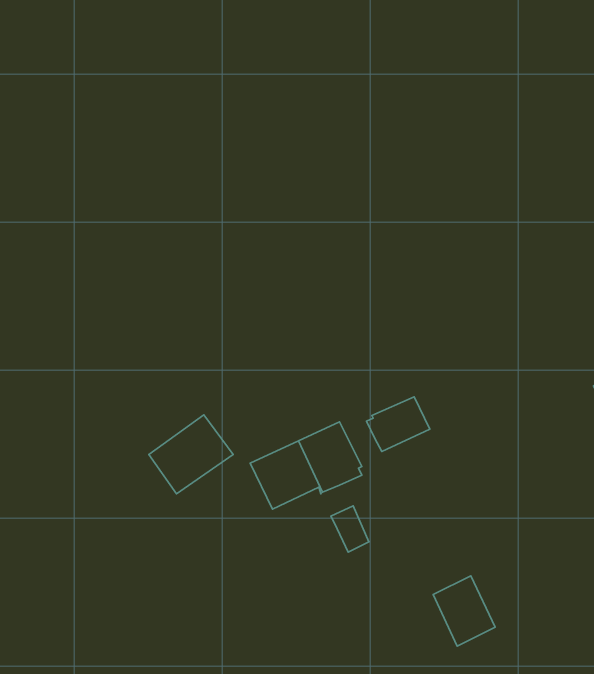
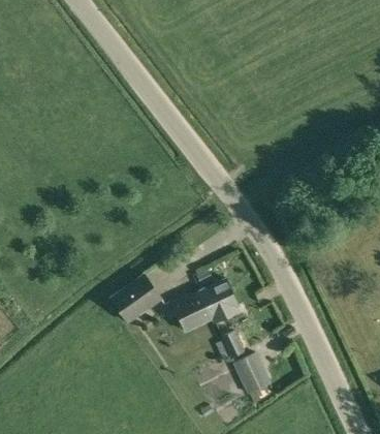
building: [367,397,430,451] -> none
building: [433,576,495,646] -> [234,352,272,395]

